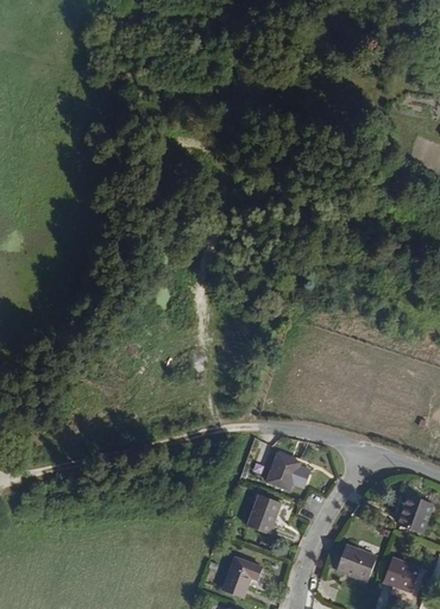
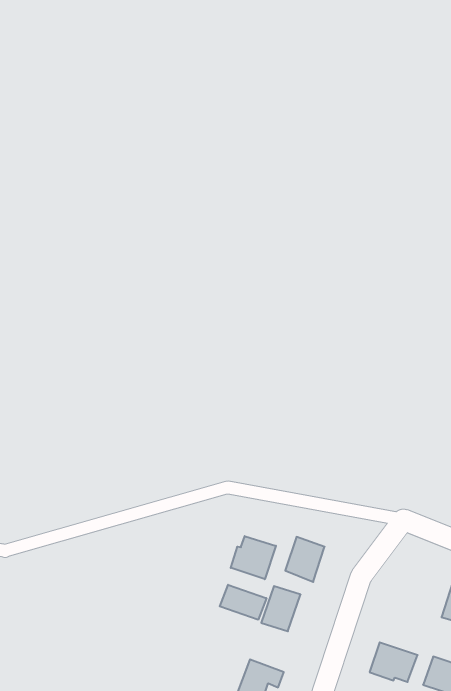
building: none -> [231,536,276,579]
building: none -> [220,585,266,620]

